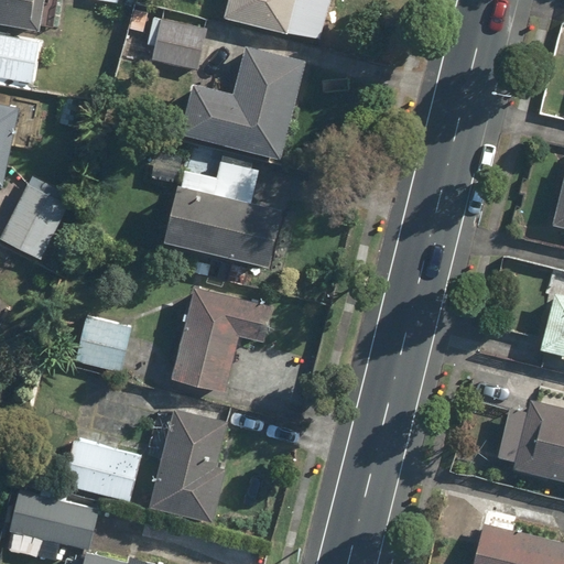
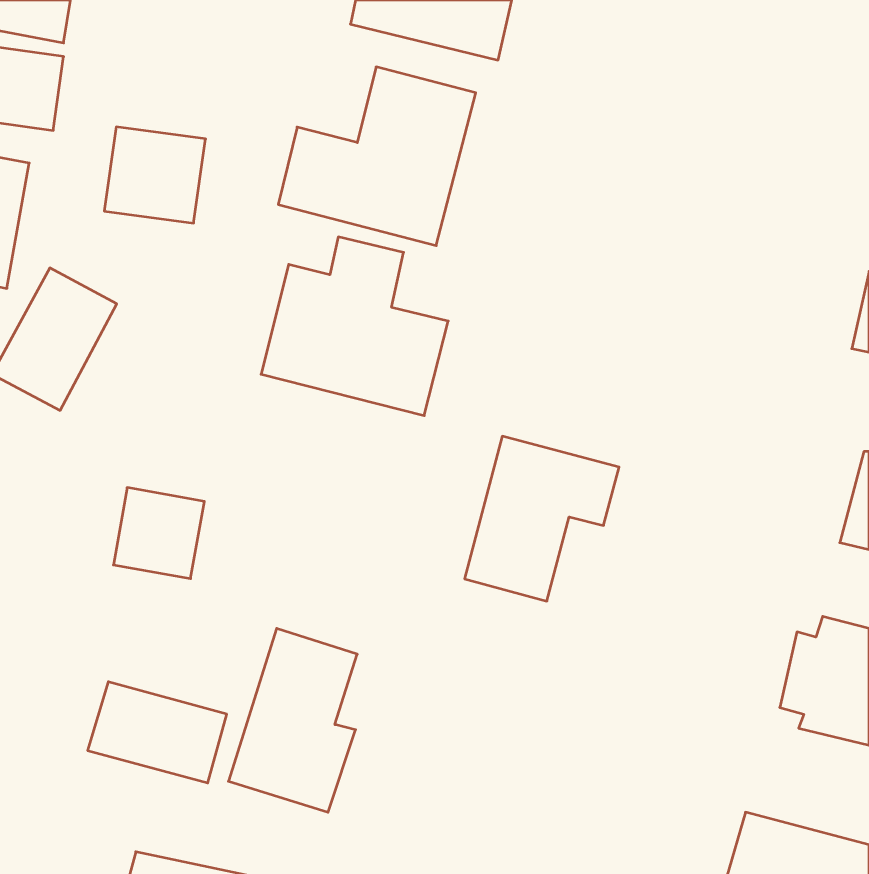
building: [147,12,212,74] -> [104,127,206,223]
building: [172,286,271,392] -> [465,436,619,601]
building: [8,487,96,545] -> none

